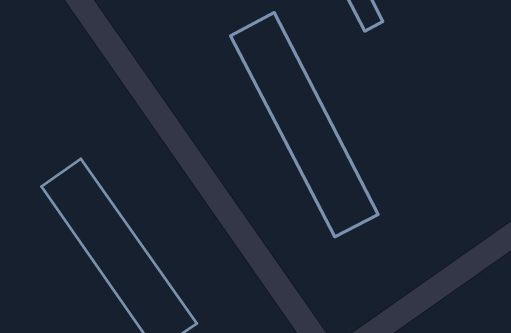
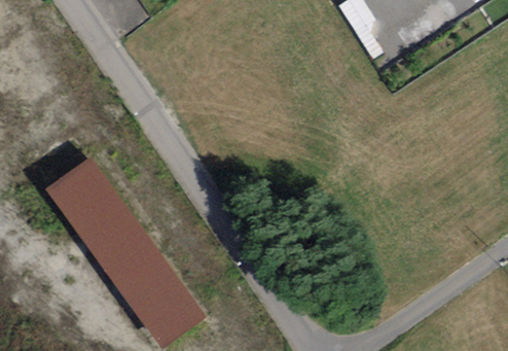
building: [230,13,378,237] -> none

